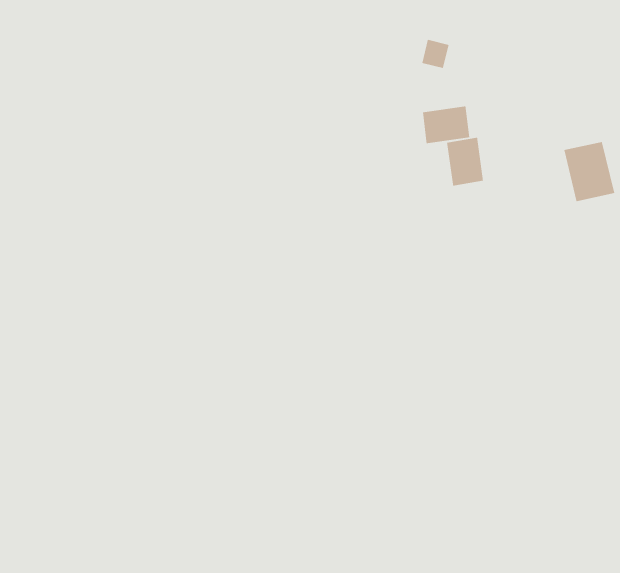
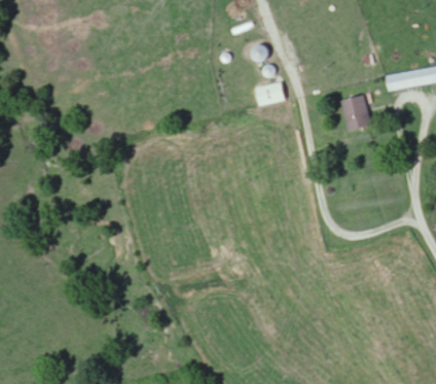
building: [447,137,484,186] -> none

